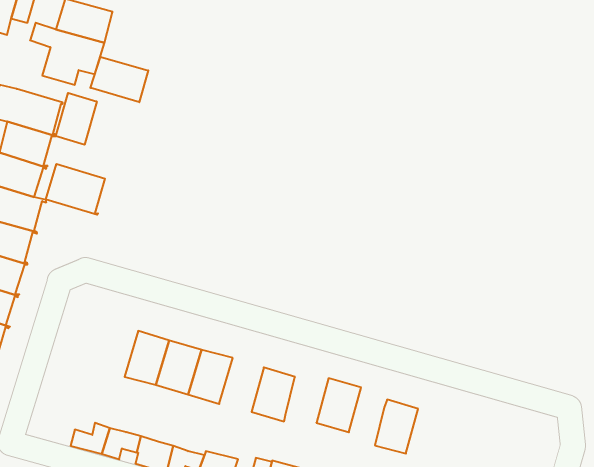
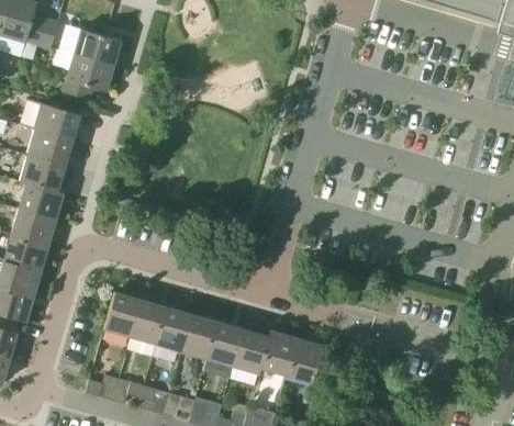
building: [90,57,148,102] -> none
building: [56,93,97,145] -> none
building: [46,164,105,215] -> none
building: none -> [104,292,142,337]
building: none -> [208,322,244,366]
building: [375,400,418,454] -> [261,330,297,374]

